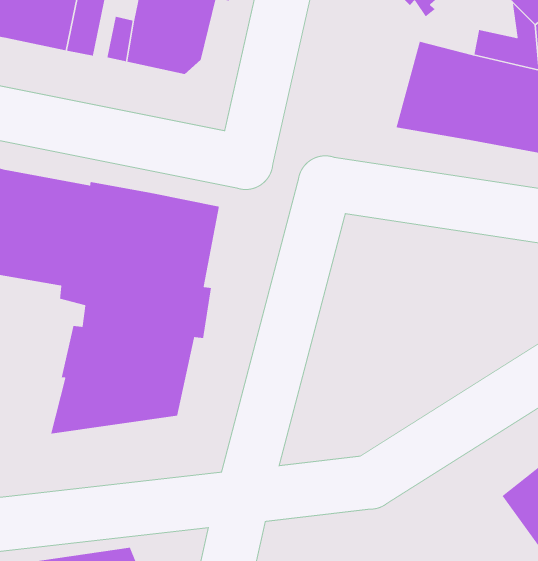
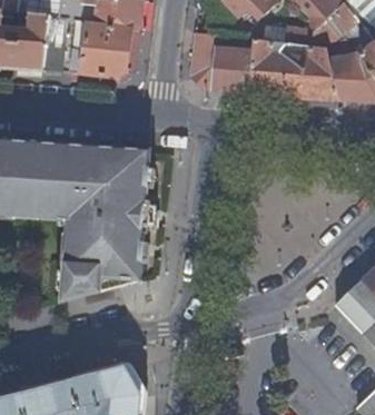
building: none -> [188,32,254,93]

